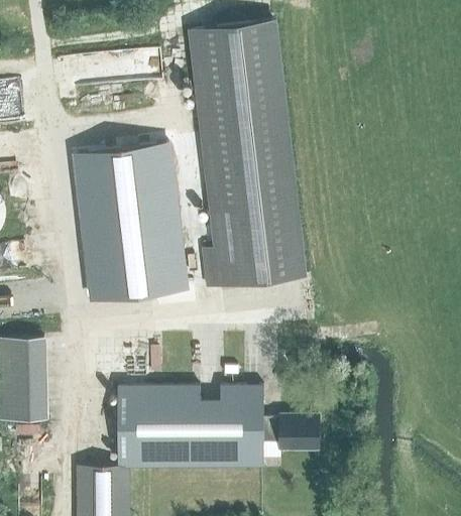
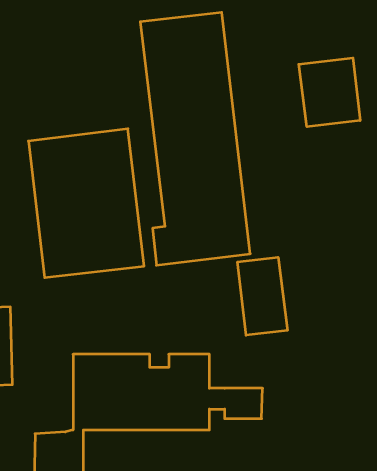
building: none -> [299,58,360,127]
building: none -> [238,257,287,335]

